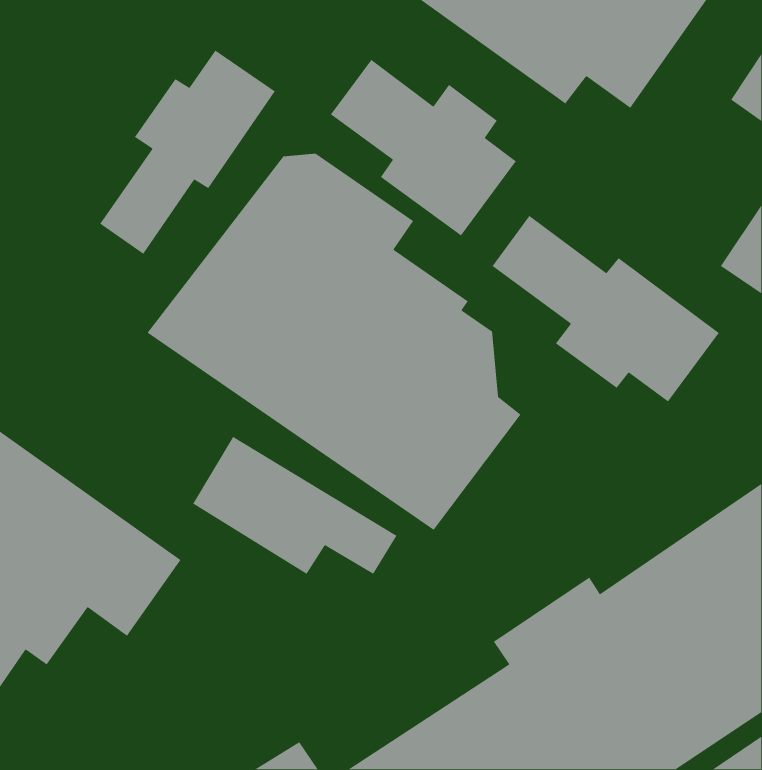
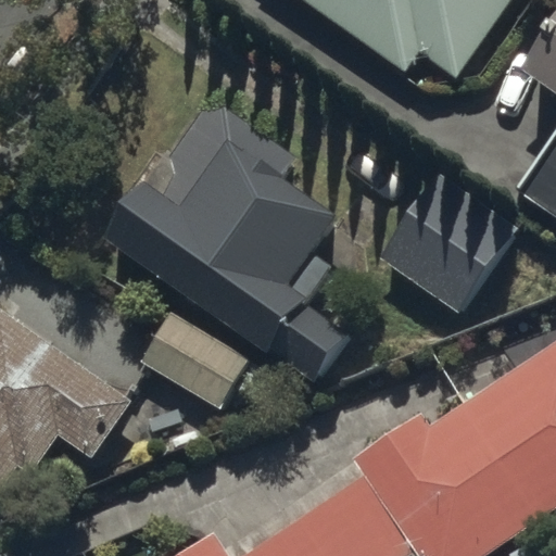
building: [99,49,276,255] -> none
building: [330,59,517,237] -> none

